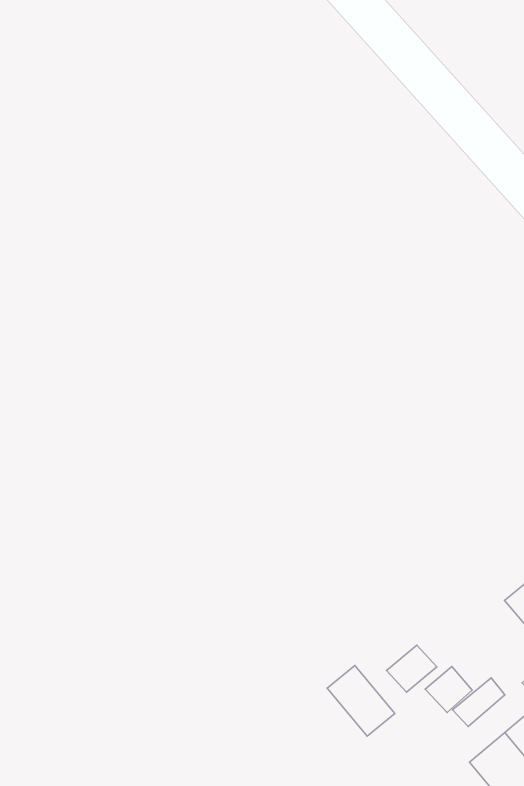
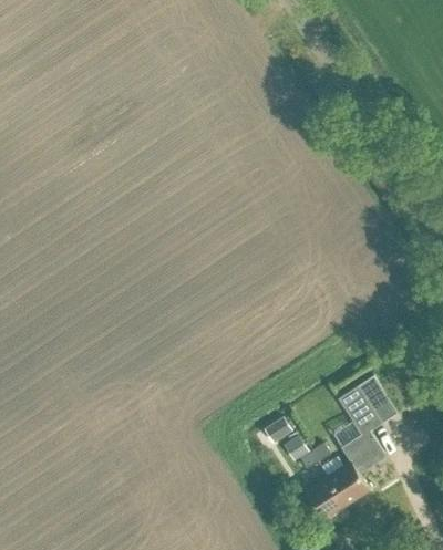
building: [327,665,395,736] -> none

